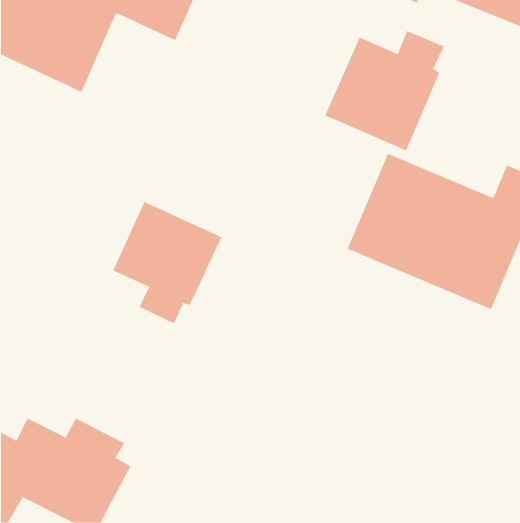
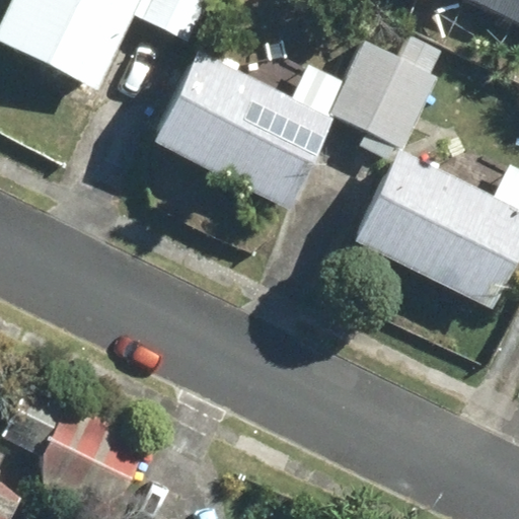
building: none -> [143,52,329,213]
building: [112,201,222,324] -> none

